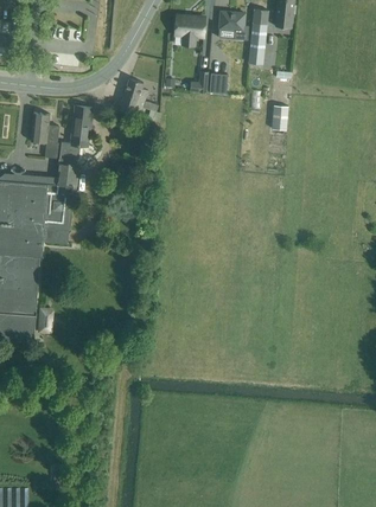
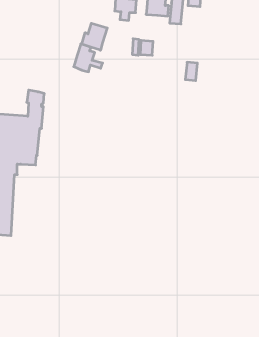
building: none -> [82,23,107,50]
building: [71,105,93,146] -> none
building: [31,113,59,158] -> none

